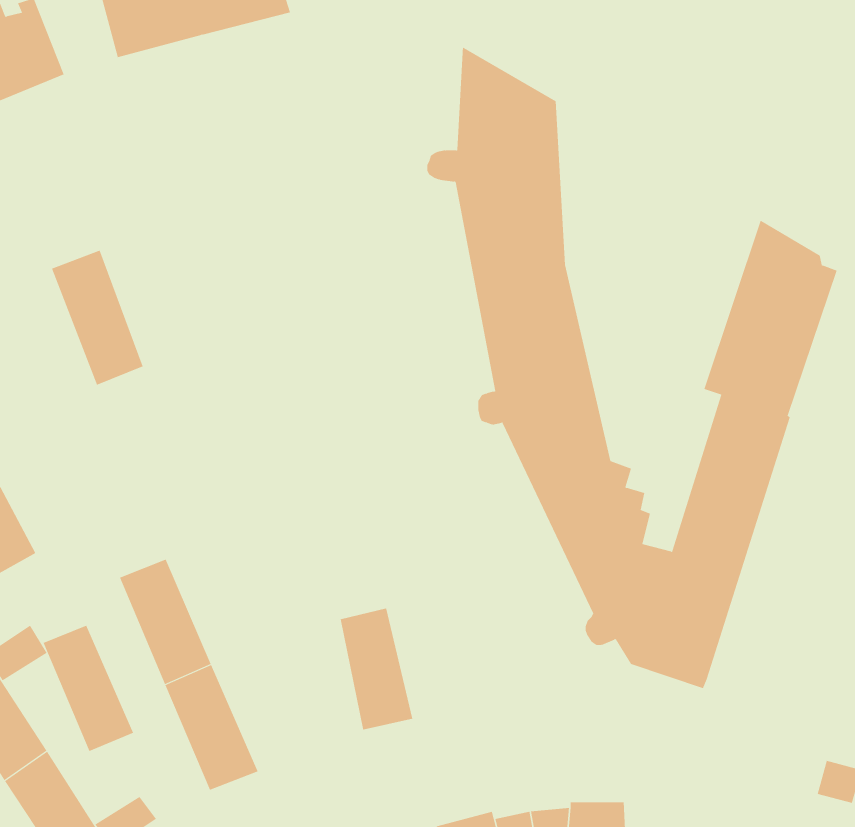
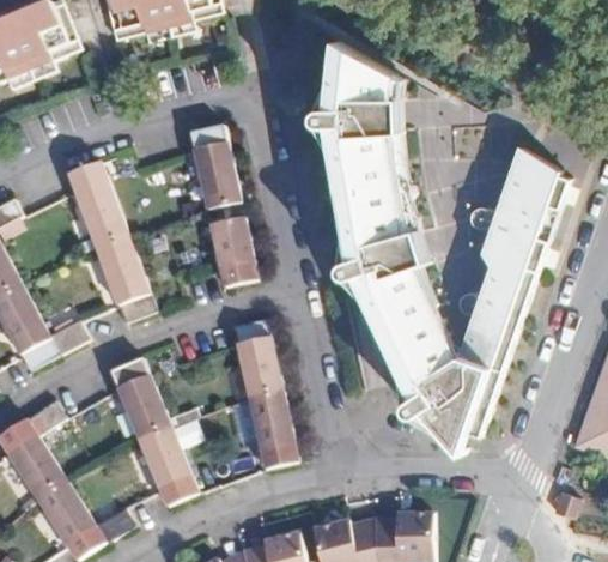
building: none -> [188,126,238,210]
building: none -> [209,217,256,288]
building: none -> [96,236,153,322]
building: none -> [233,318,280,397]
building: [43,625,134,752] -> none

